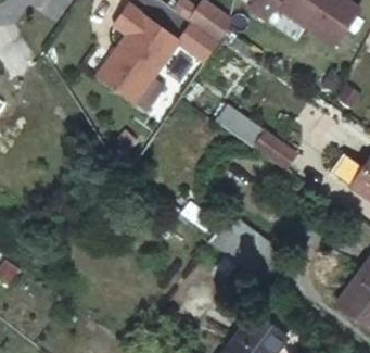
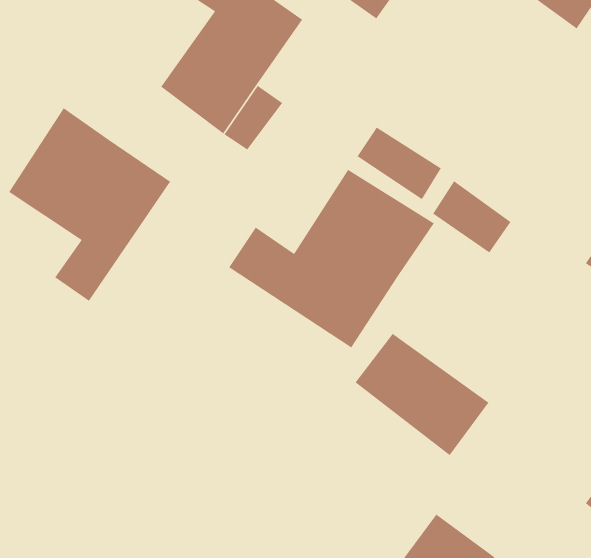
building: none -> [8,107,171,302]
building: none -> [228,169,435,348]

